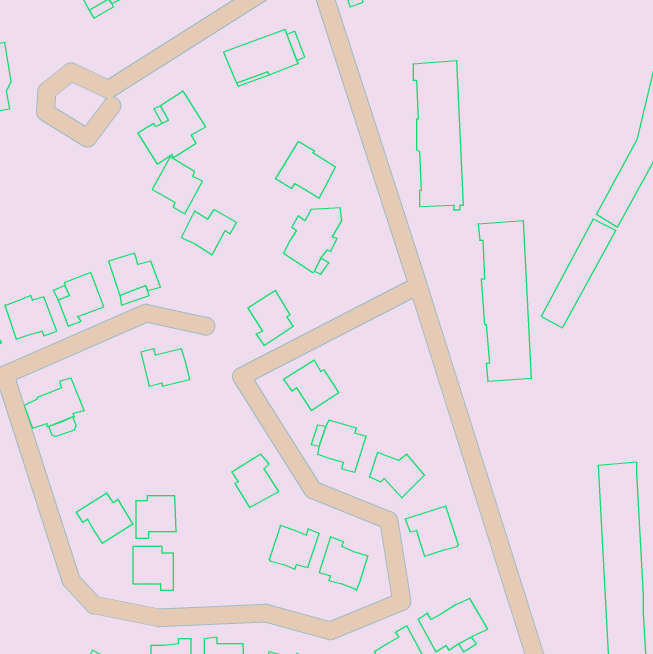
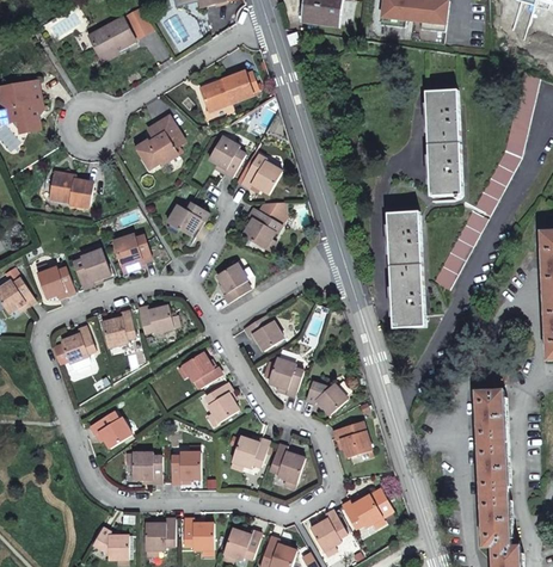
building: [413,61,463,210] -> [425,90,462,199]
building: [152,157,202,214] -> [208,136,245,178]
building: none -> [49,173,92,208]
building: none -> [102,310,136,347]
building: none -> [182,352,222,388]
building: [136,496,176,538] -> [171,452,201,483]

